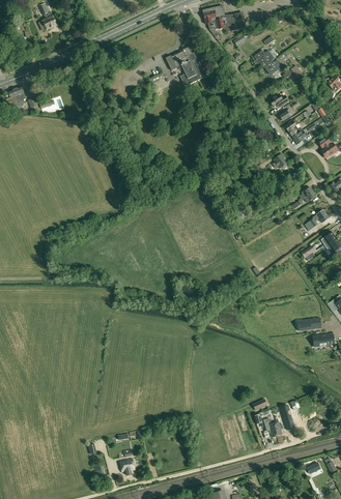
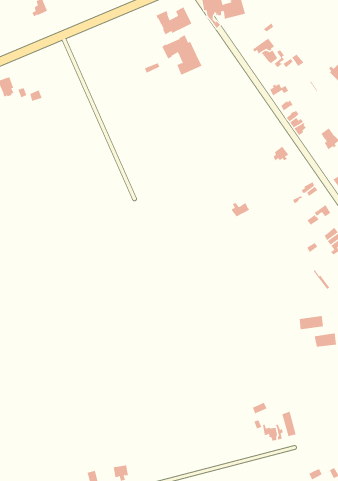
building: none -> [156,7,192,35]

